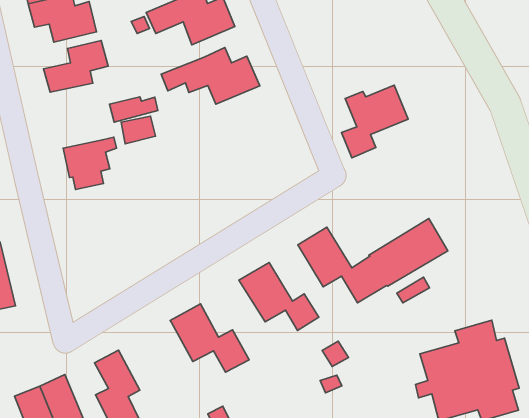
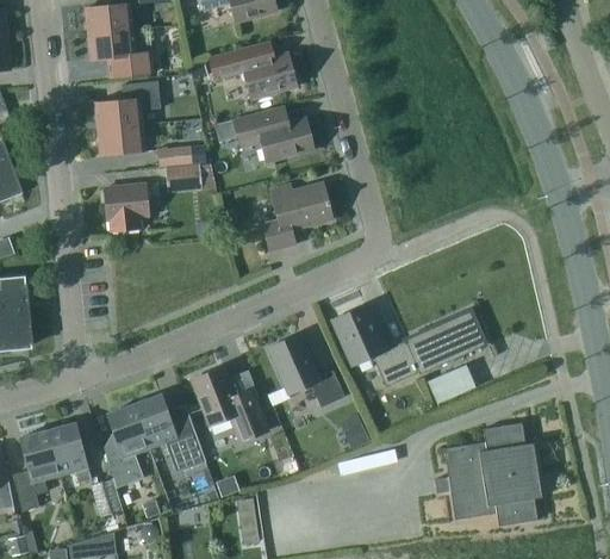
building: none -> [98,125,145,155]
building: [341,85,408,158] -> [262,182,332,251]
building: none -> [133,395,206,473]

